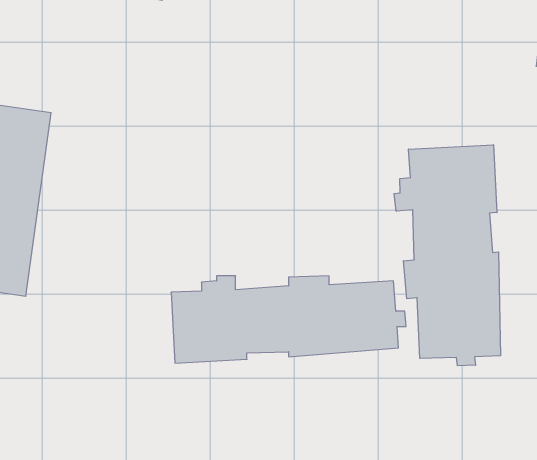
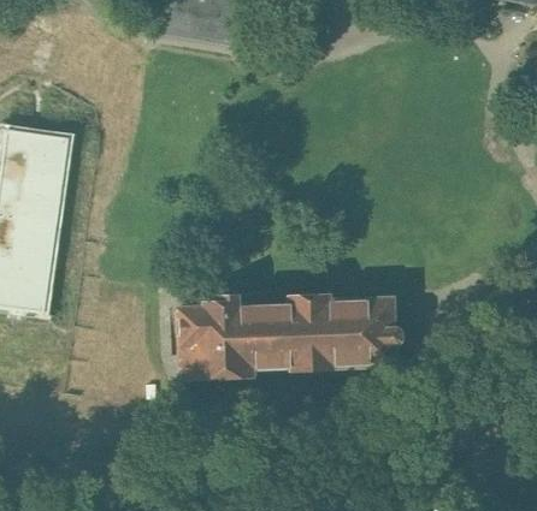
building: [394,145,500,366] -> none

